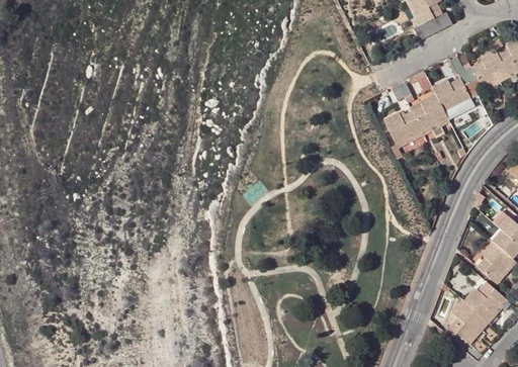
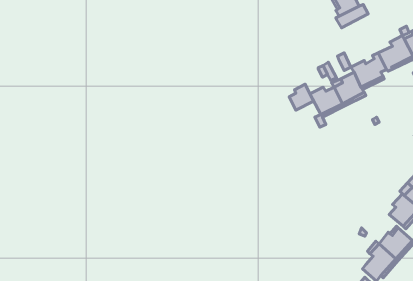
building: none -> [289,84,313,110]

